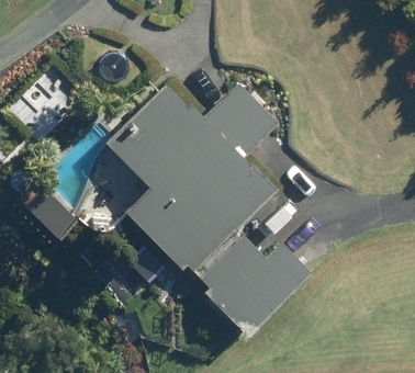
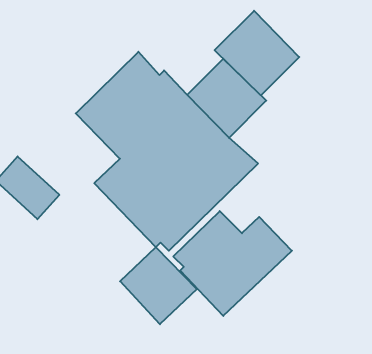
building: none -> [215,11,299,95]
building: none -> [120,247,197,324]

